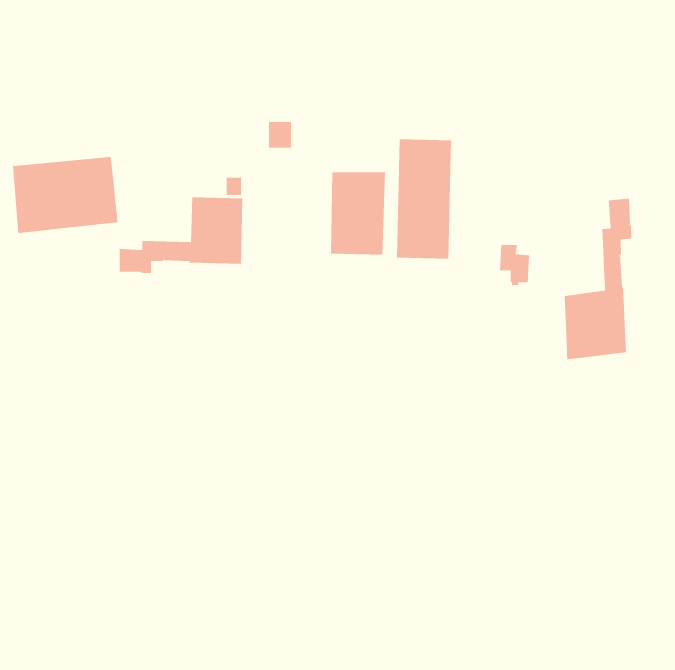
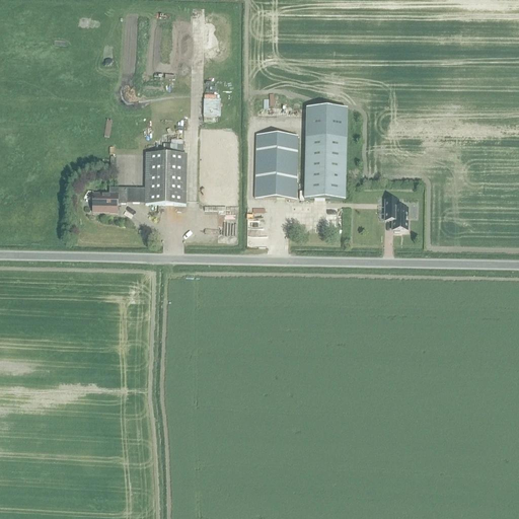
building: [13,156,118,234] -> none
building: [564,198,632,360] -> none

